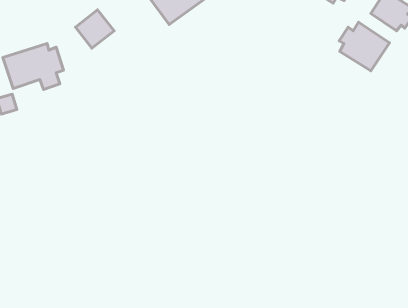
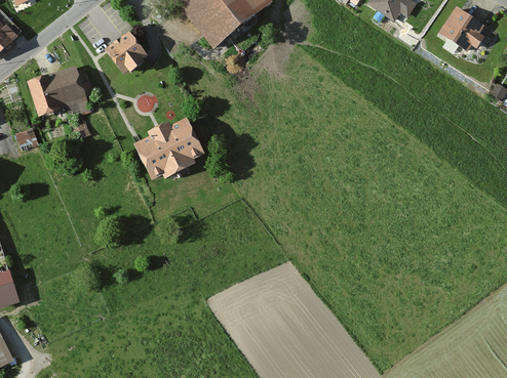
building: [339,22,390,71] -> none
building: none -> [131,118,202,180]

